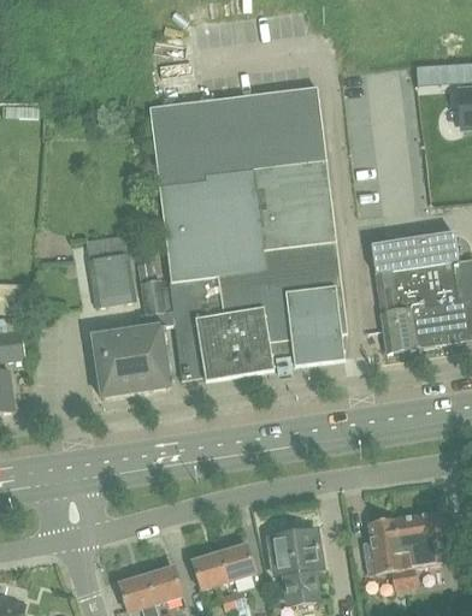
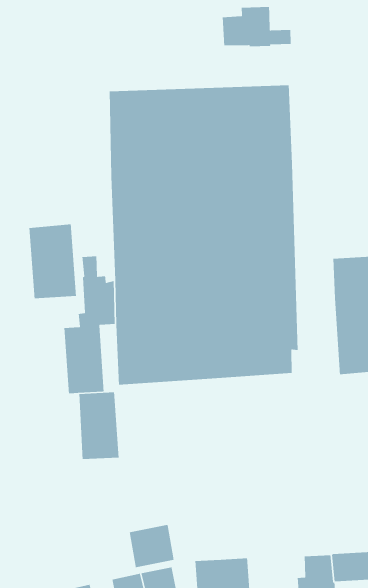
building: none -> [222,6,292,47]
building: [93,331,136,397] -> [78,392,119,460]
building: none -> [129,524,174,568]

